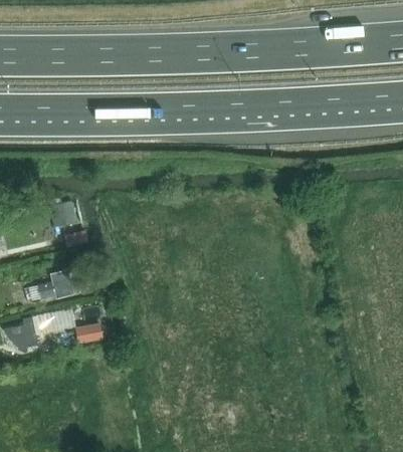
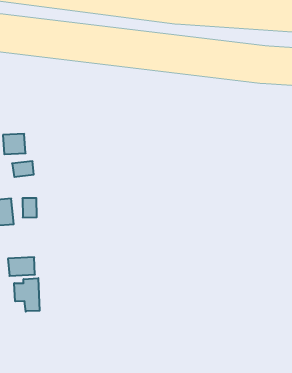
building: none -> [14,278,40,312]

